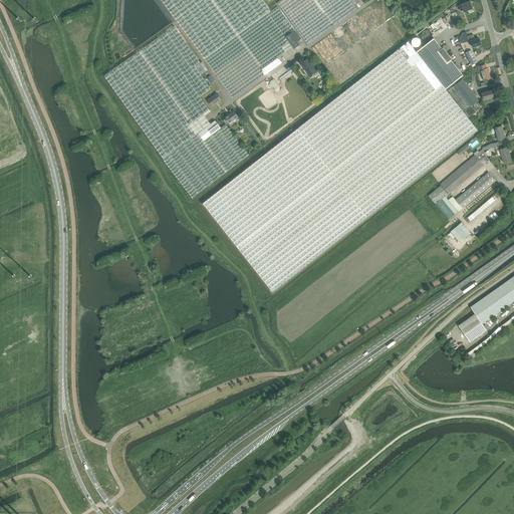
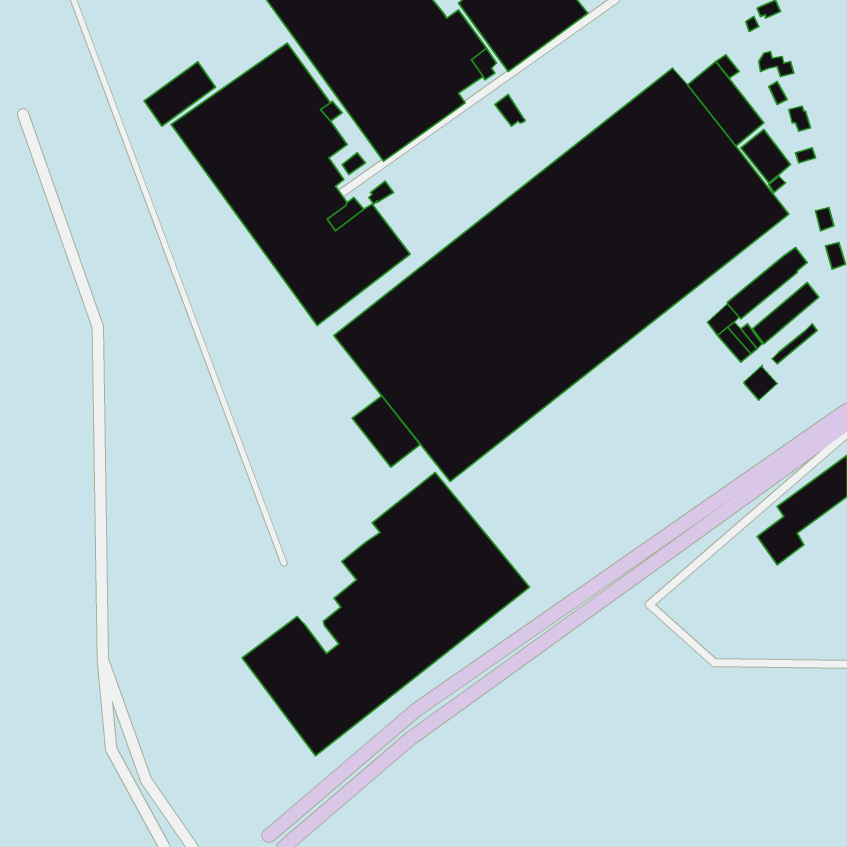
building: none -> [144,62,215,126]
building: none -> [352,396,420,467]
building: none -> [242,473,529,756]

